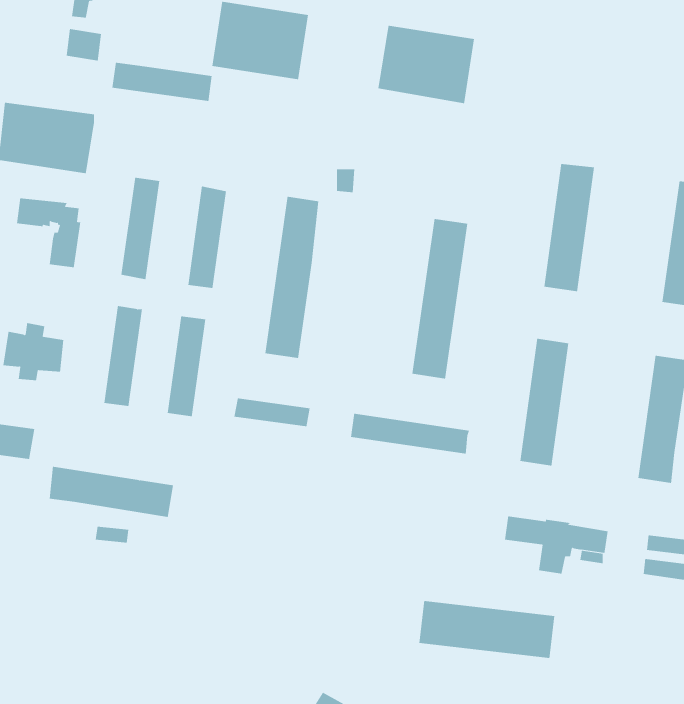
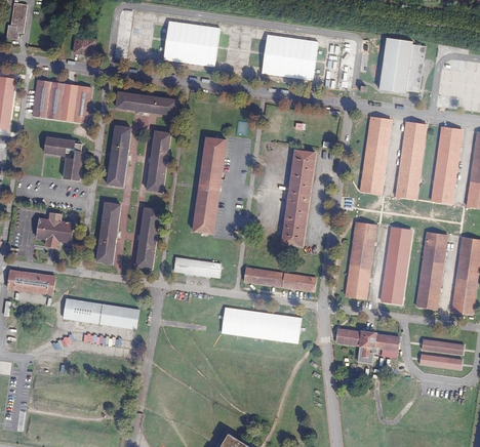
building: none -> [378,37,425,92]
building: [112,62,213,102] -> [116,91,176,115]
building: none -> [394,122,425,199]
building: none -> [381,227,411,303]
building: [418,600,555,659] -> [219,308,302,342]

